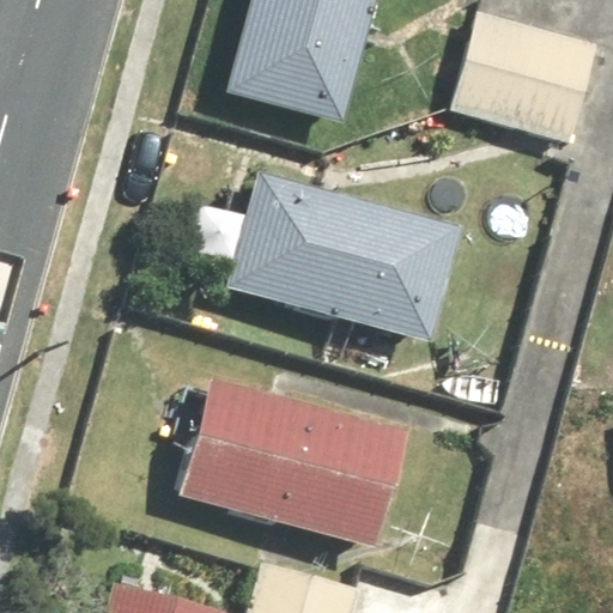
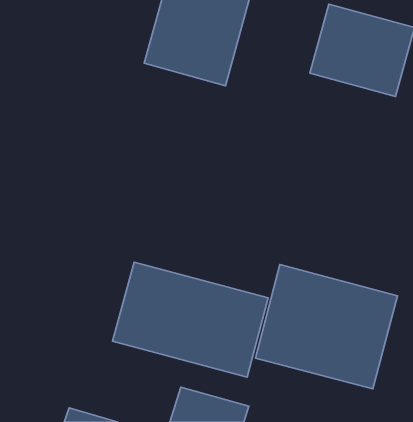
building: [225,174,456,338] -> none
building: none -> [256,265,398,389]

